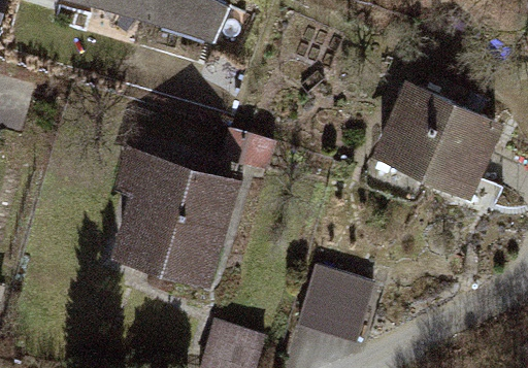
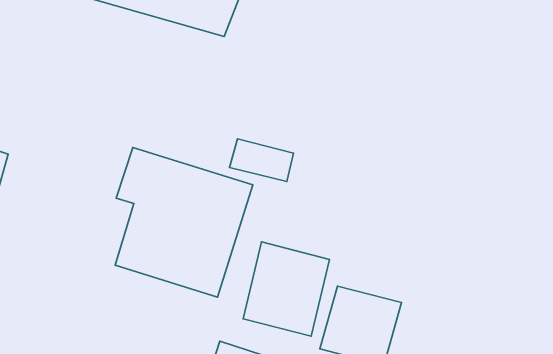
building: [365,78,513,206] -> none
building: none -> [243,242,330,336]

